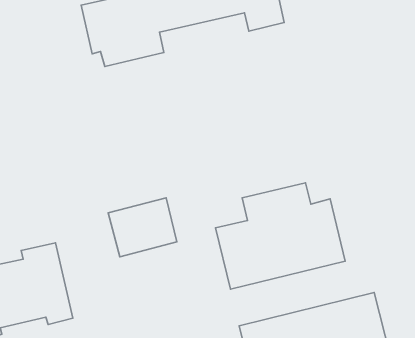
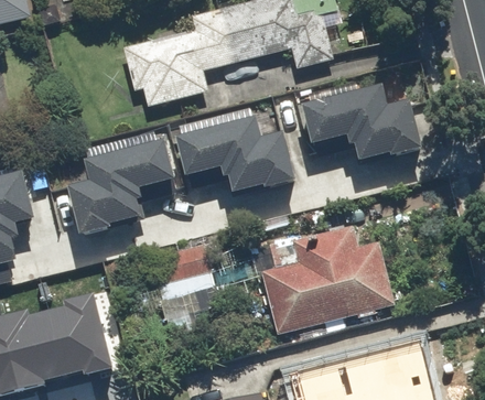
building: none -> [301,86,421,162]
building: none -> [175,119,293,195]
building: none -> [66,143,175,234]

